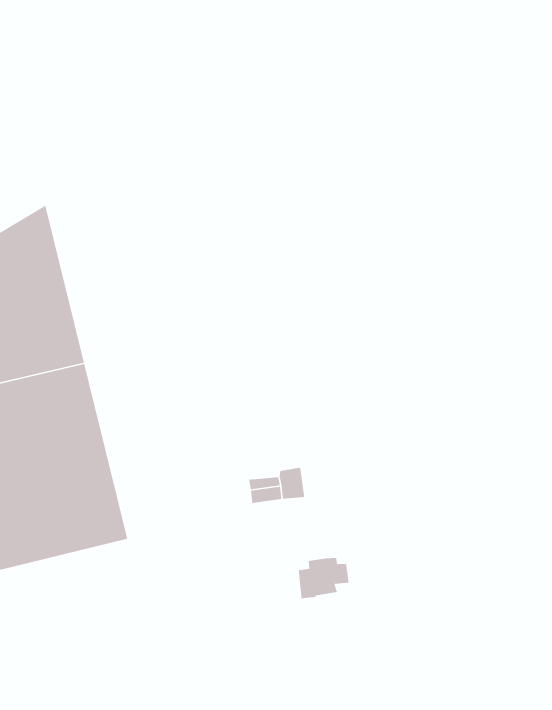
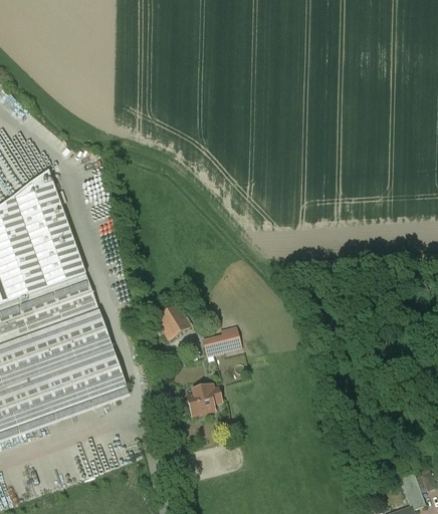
building: none -> [156,304,191,339]
building: [298,556,349,599] -> [187,384,222,416]

